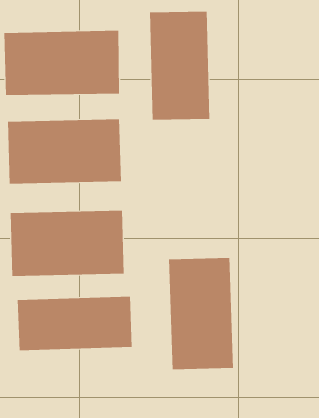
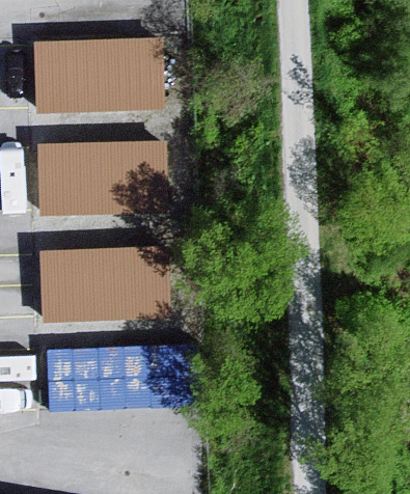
building: [150,11,210,121] -> none
building: [169,257,233,370] -> none

